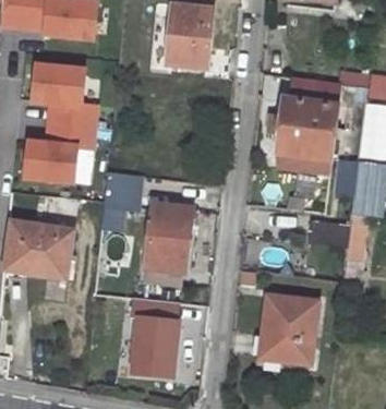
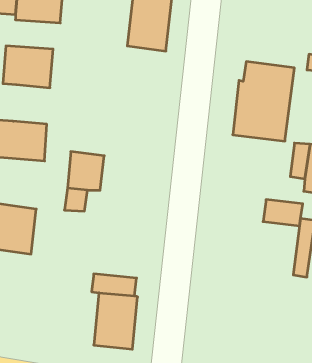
building: [47,103,99,145] -> none
building: [145,206,188,272] -> none
building: [261,296,318,363] -> none

